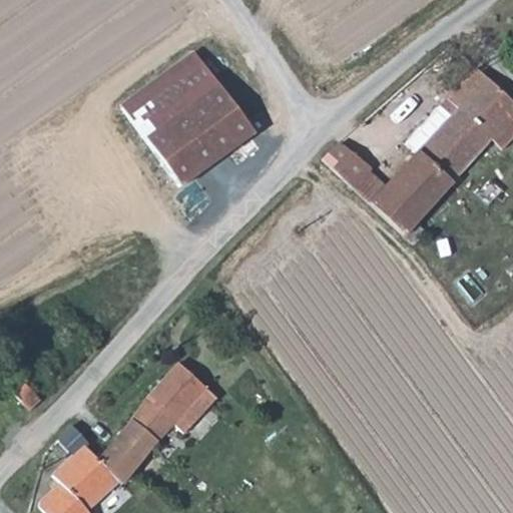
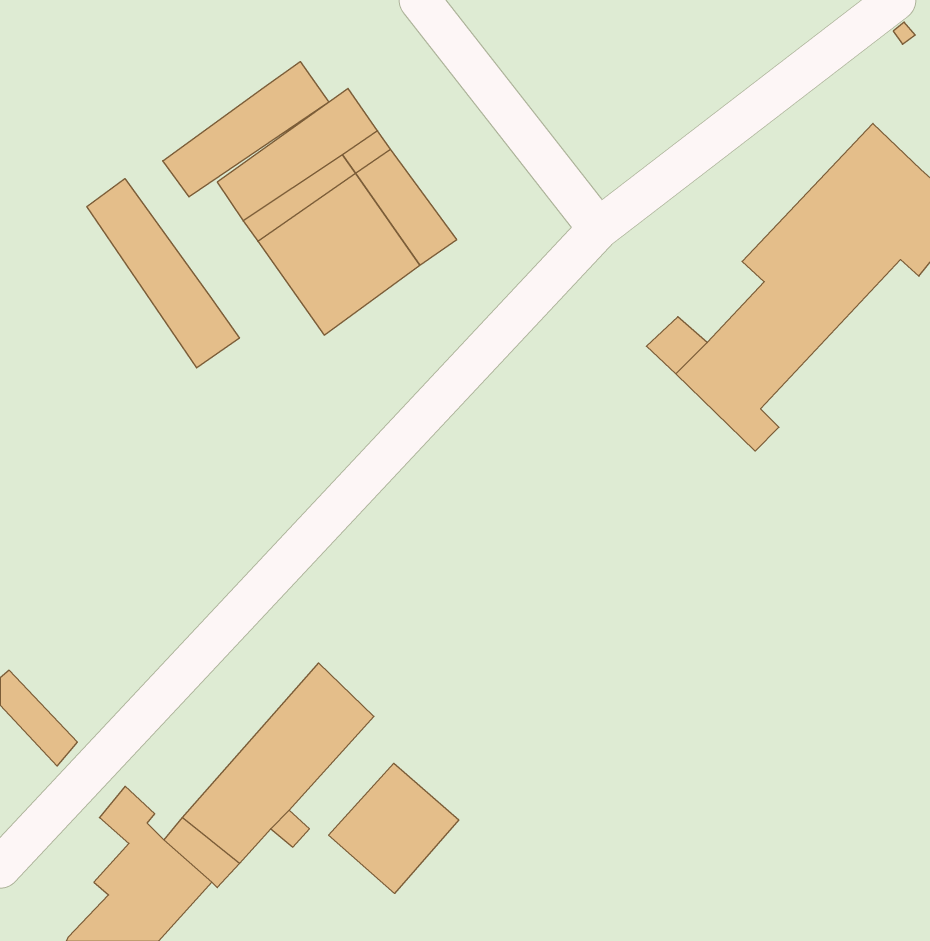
building: none -> [163,62,329,197]
building: none -> [87,179,239,368]
building: [328,145,375,188] -> none
building: none -> [329,763,459,893]

